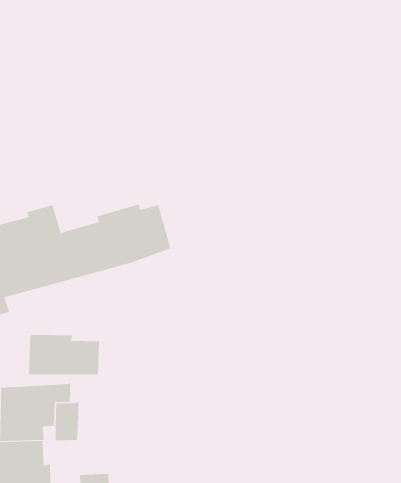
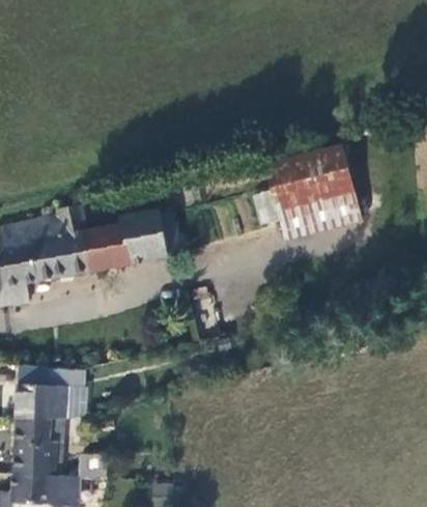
building: none -> [265,141,361,236]
building: [28,334,99,375] -> none

